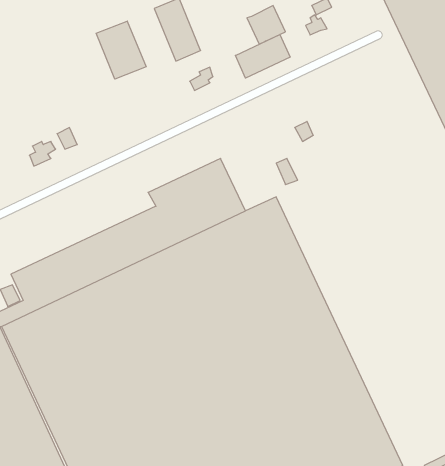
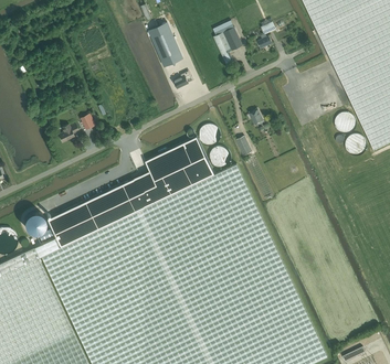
building: [96,21,146,79] -> none
building: [235,34,290,78] -> none

